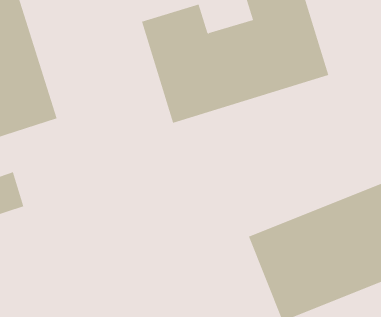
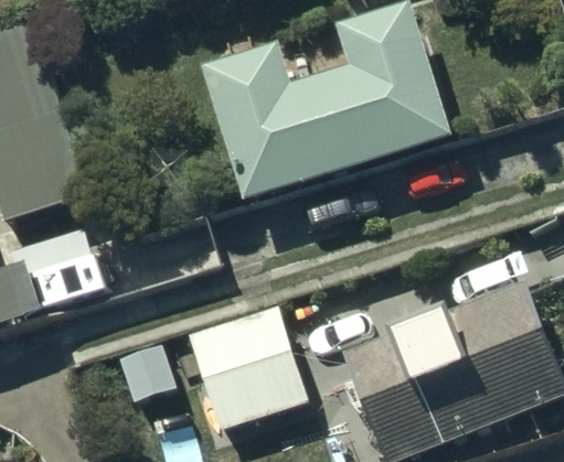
building: none -> [189,304,308,426]

